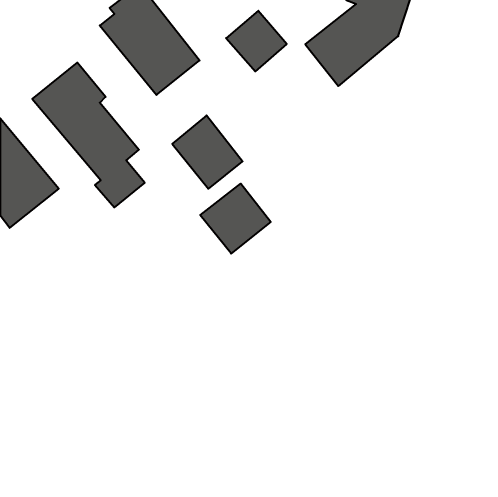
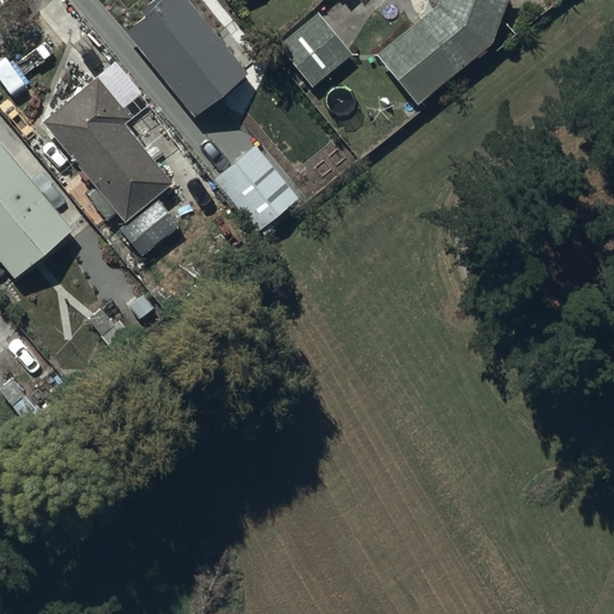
building: [200,184,271,254] -> none

